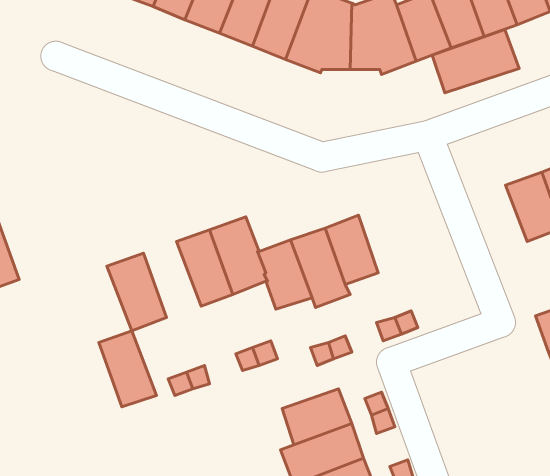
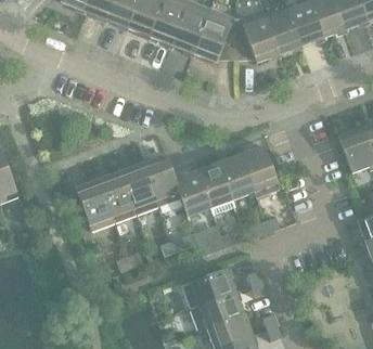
building: [432,29,519,93] -> none
building: none -> [241,146,280,197]
building: [99,331,157,407] -> [100,172,138,222]

